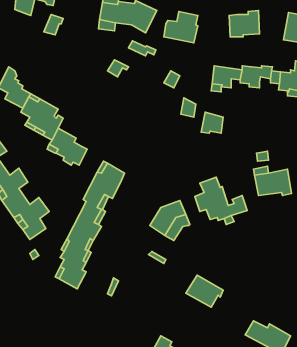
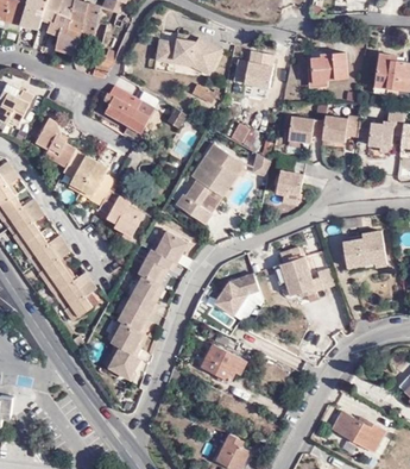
building: none -> [102,86,153,131]
building: none -> [177,143,245,223]
building: [186,275,223,307] -> [201,343,245,381]

